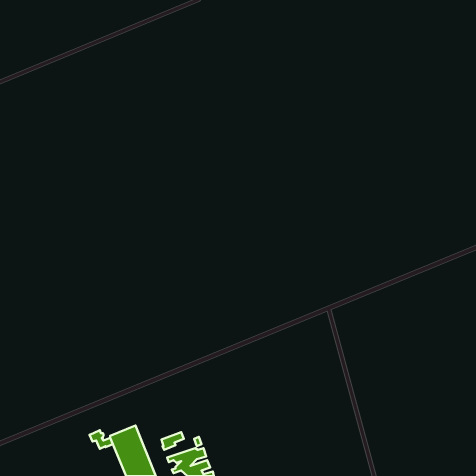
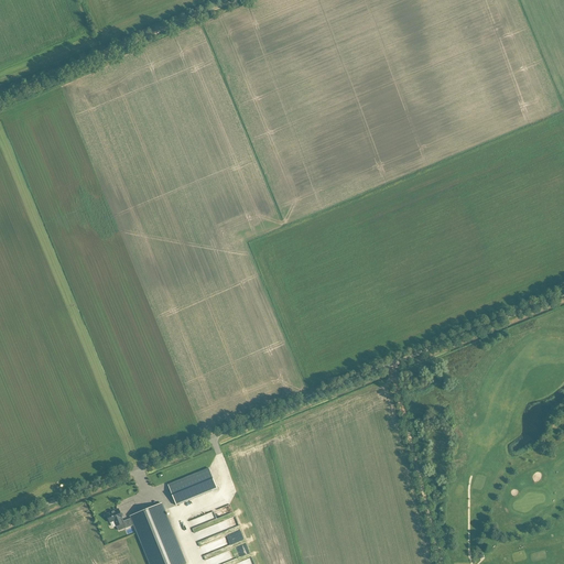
building: none -> [167,467,216,505]

